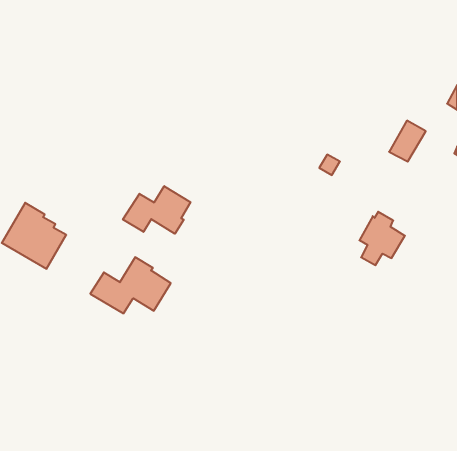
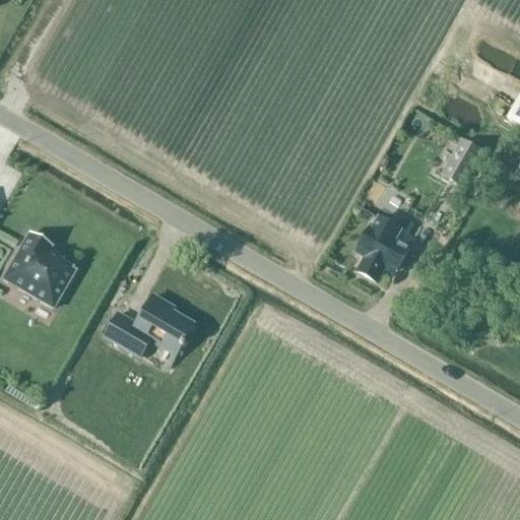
building: [123,186,190,234] -> none
building: [359,212,405,265] -> [359,215,410,276]

